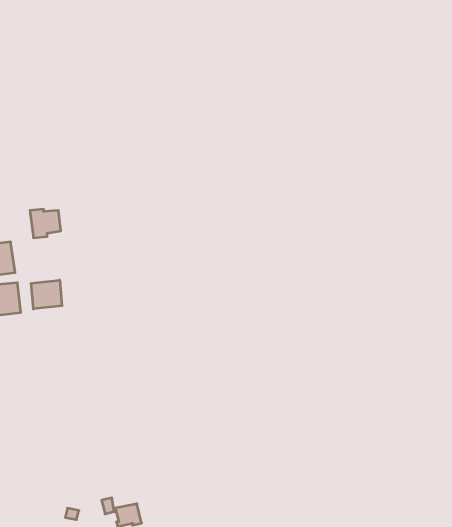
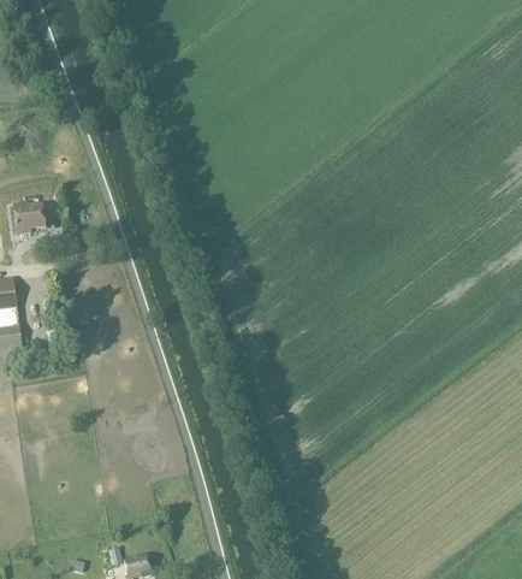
building: [30,209,61,238] -> [12,202,45,232]
building: [31,280,62,309] -> none

